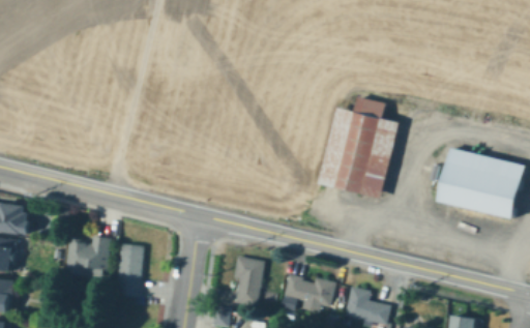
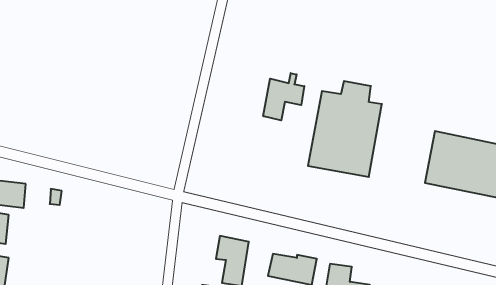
building: none -> [263,73,304,120]
building: [62,234,109,277] -> none
building: [114,243,142,297] -> none

